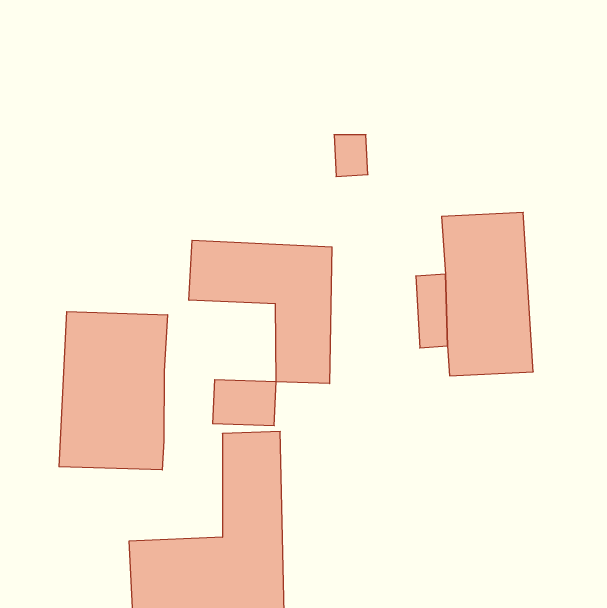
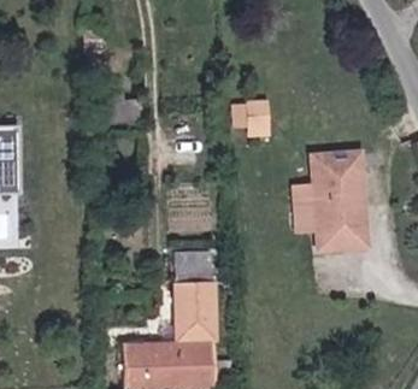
building: [189,240,332,384] -> none
building: [59,312,168,470] -> none

